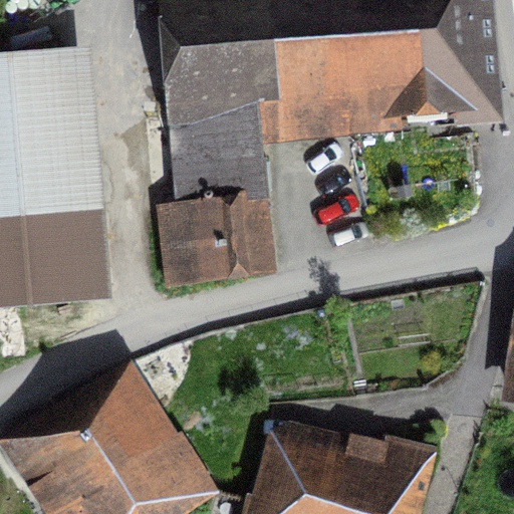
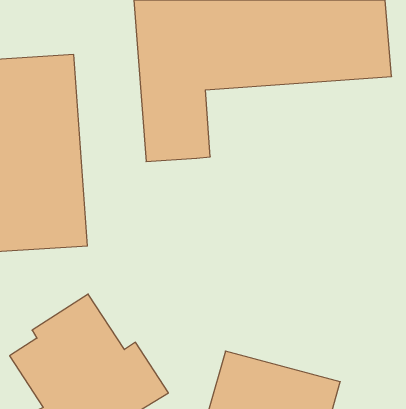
building: [160,200,251,279] -> none

